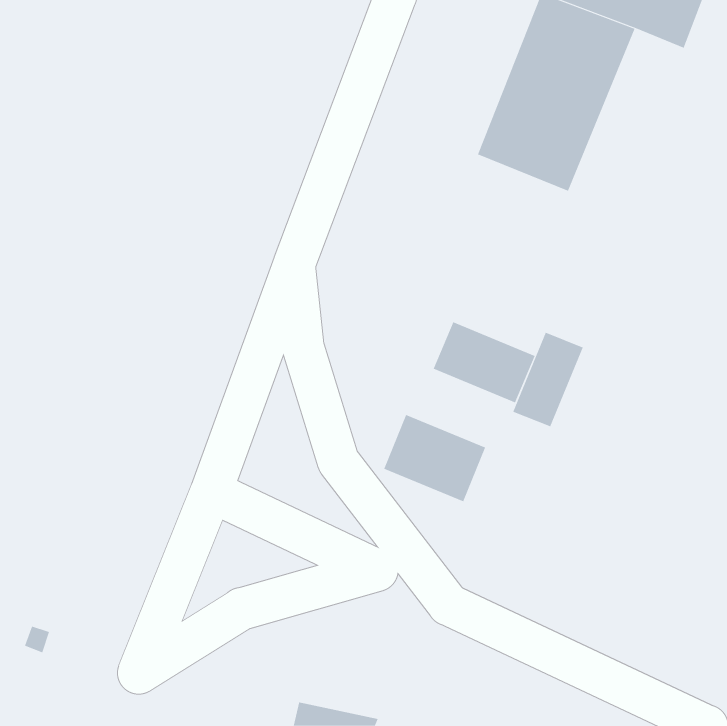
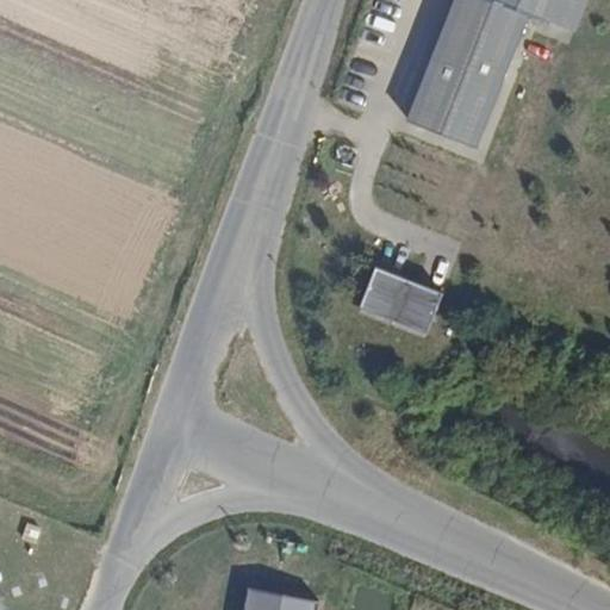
building: [512,332,584,427] -> none
building: [383,414,486,502] -> none

